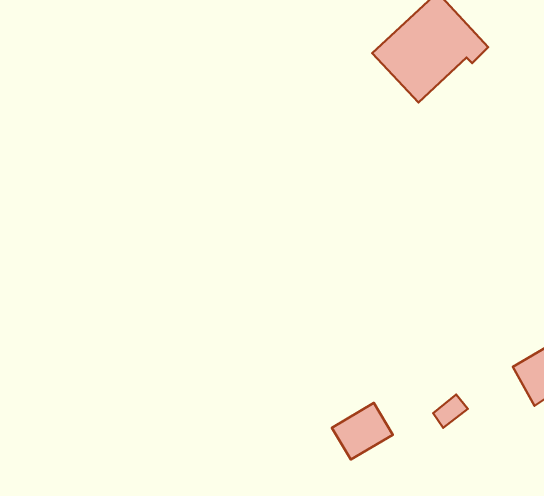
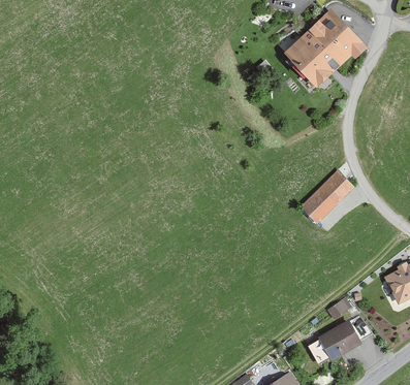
building: none -> [305,171,357,225]
building: [332,403,393,460] -> [317,318,360,358]

